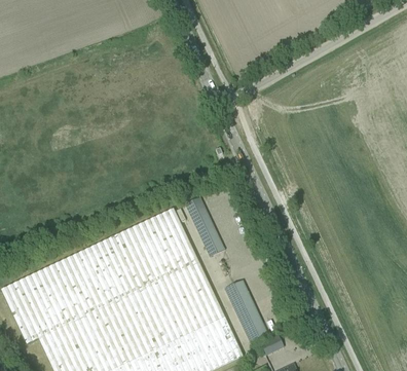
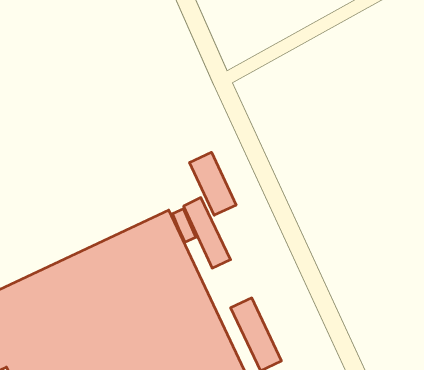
building: none -> [190,152,236,215]

